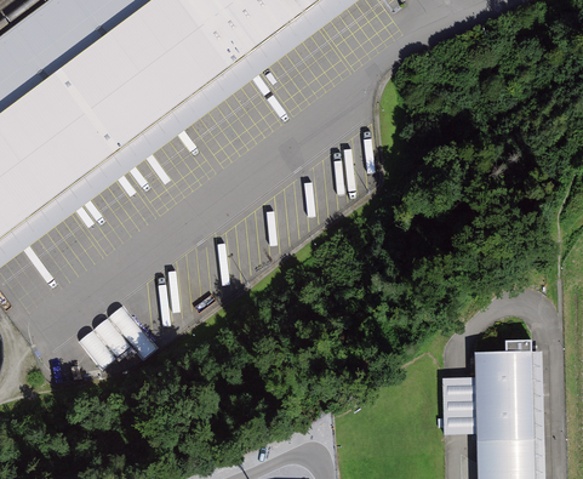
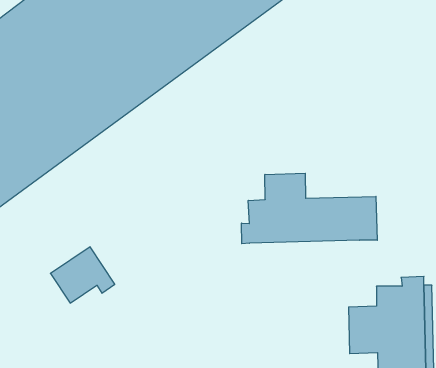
building: none -> [242,173,377,244]

